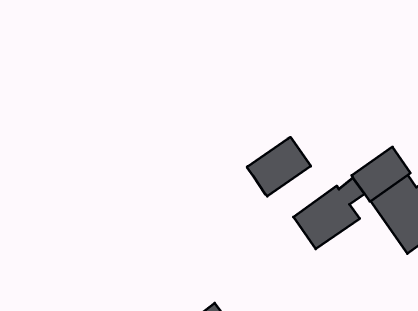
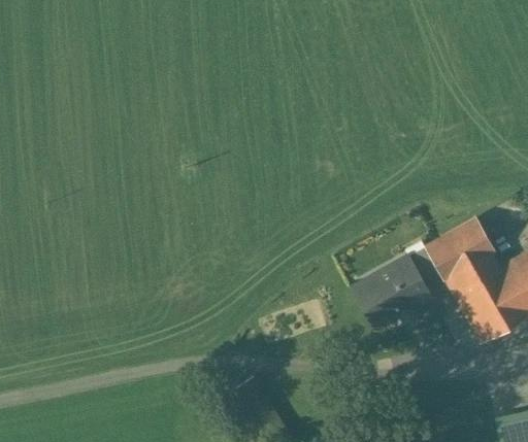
building: [247,137,311,196] -> none

